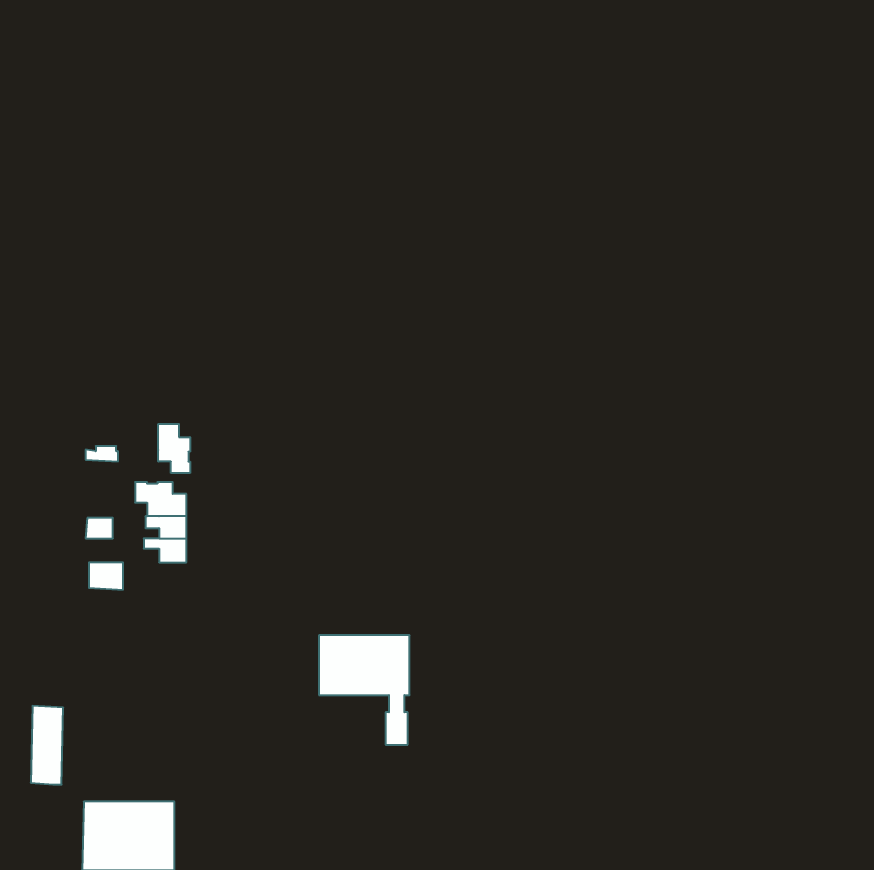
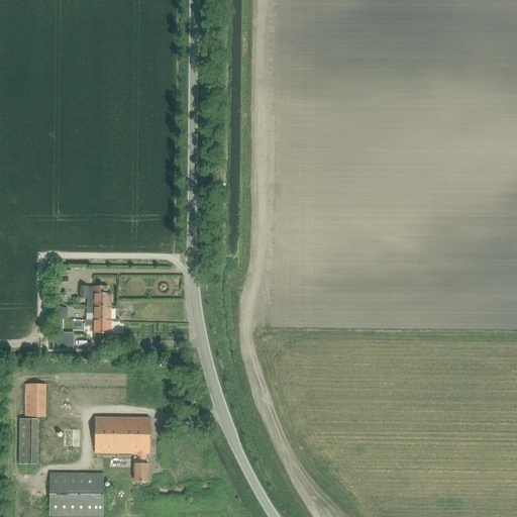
building: [158,424,190,473] -> none
building: [319,635,410,745] -> [95,417,148,482]
building: none -> [24,383,44,416]

